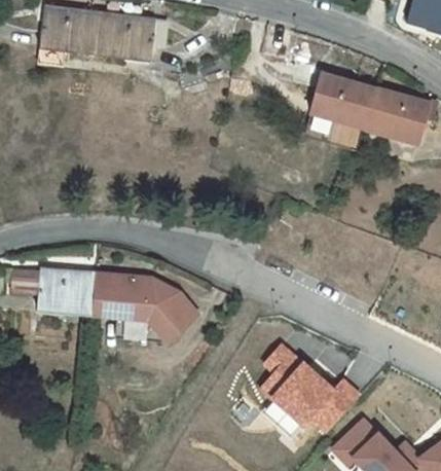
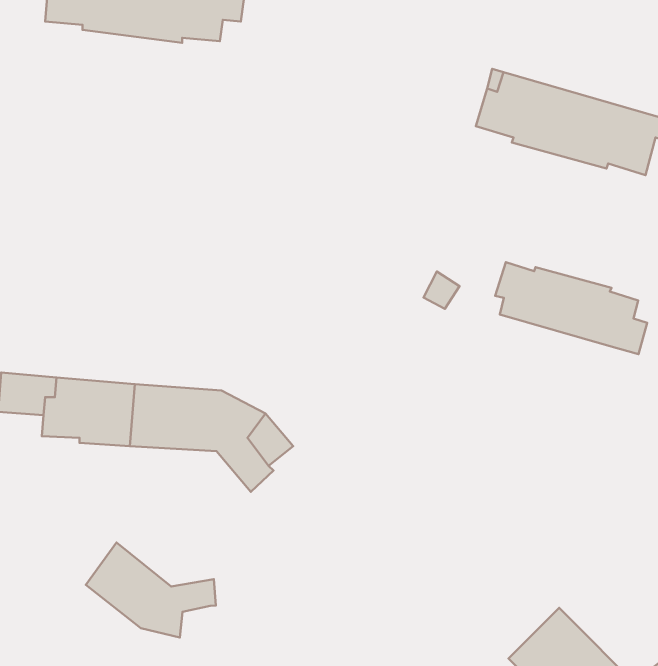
building: none -> [495,262,647,354]
building: [250,340,363,437] -> none
building: none -> [86,542,216,638]

